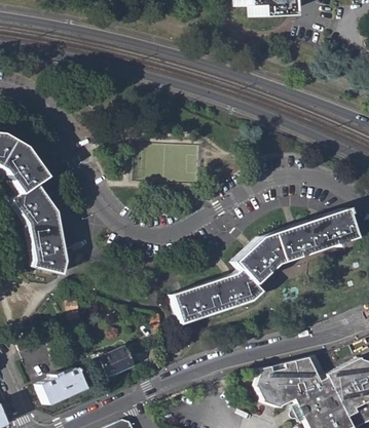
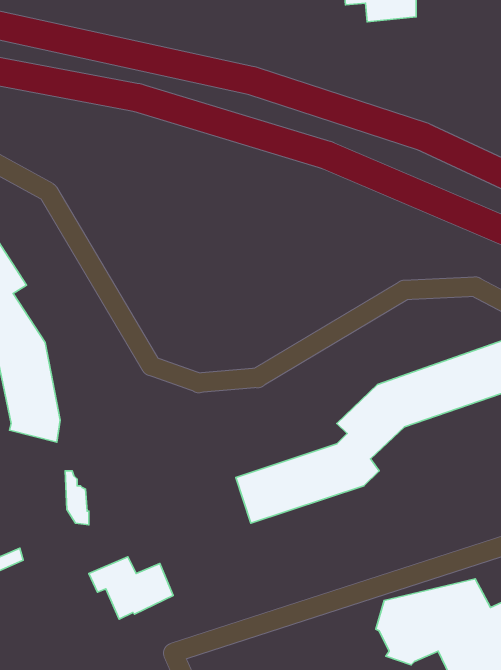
building: [39,368,85,405] -> none

